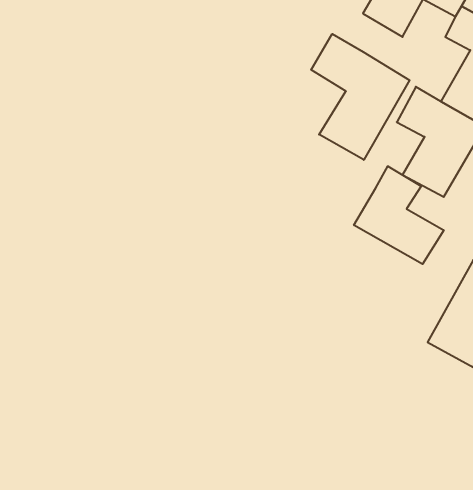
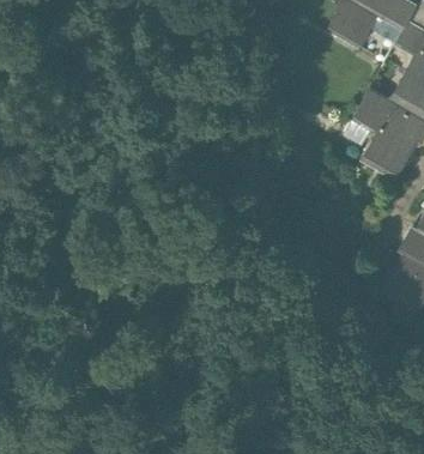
building: [311,34,410,160] -> none
building: [354,166,444,264] -> none

